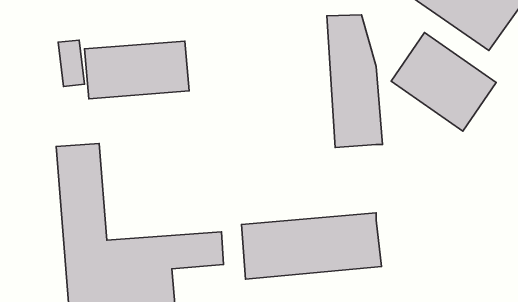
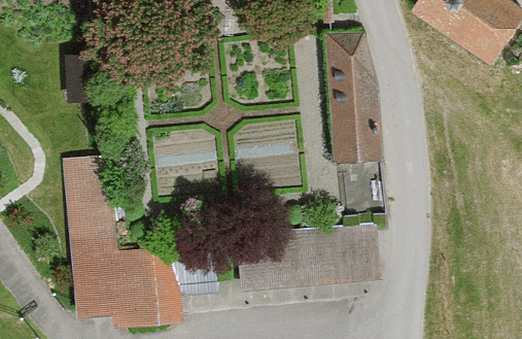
building: [391,33,496,131] -> none
building: [84,41,189,99] -> none

